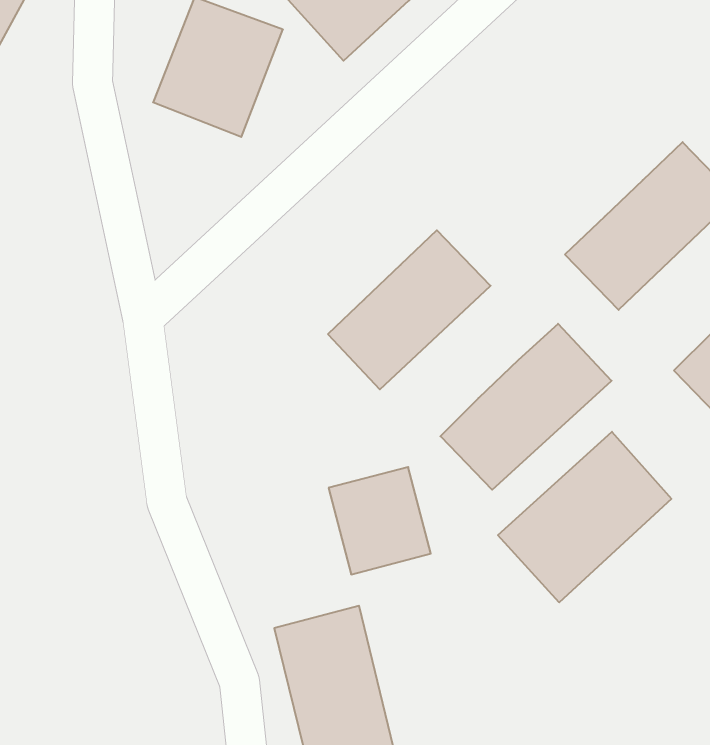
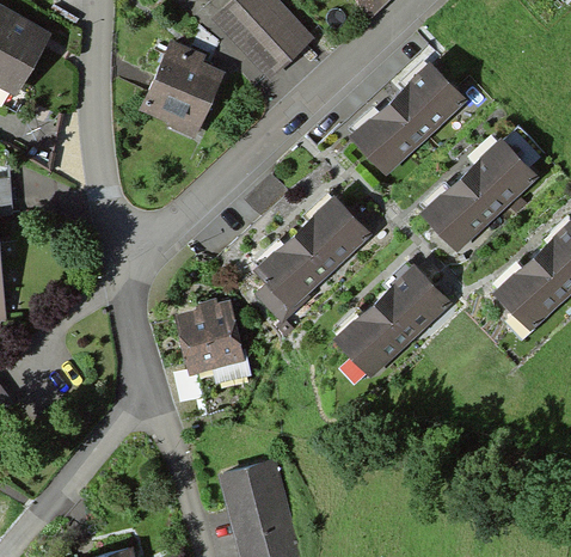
building: none -> [349,62,467,176]
building: [498,432,671,602] -> none
building: [329,467,431,574] -> [173,300,244,374]

